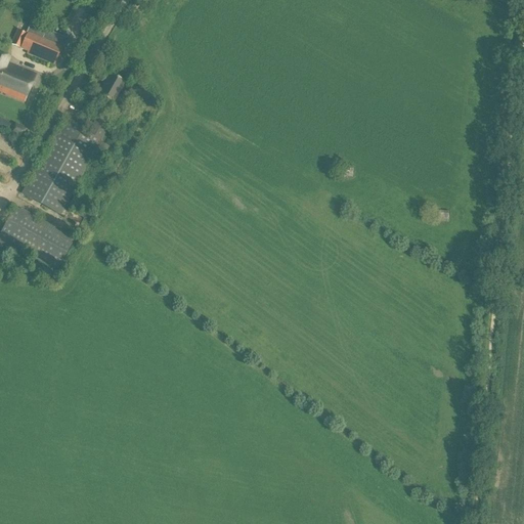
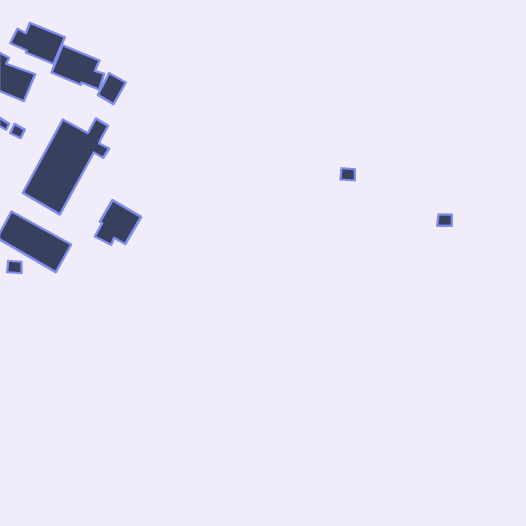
building: none -> [52,45,104,89]
building: none -> [95,200,141,245]

